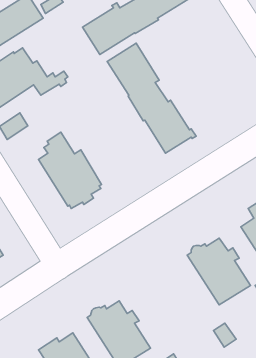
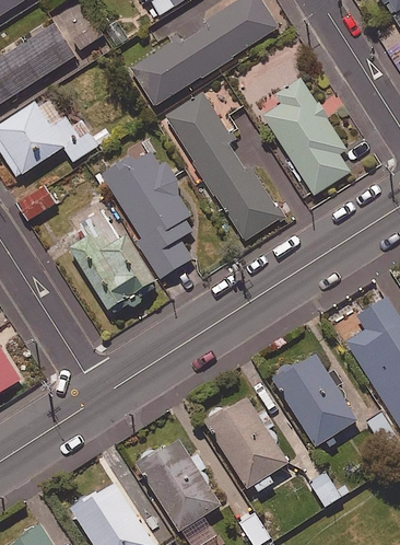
building: none -> [261,77,350,195]
building: none -> [99,150,192,279]
building: none -> [203,397,290,489]

